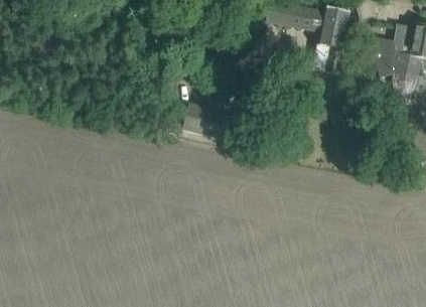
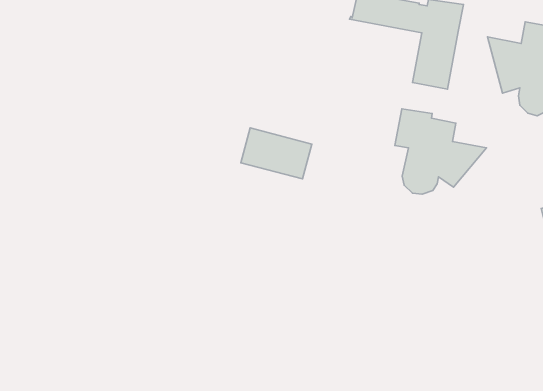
building: none -> [395,109,487,194]

